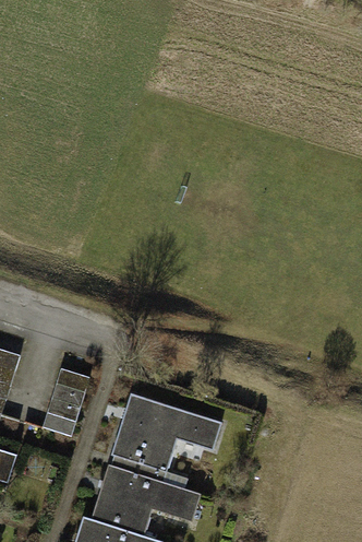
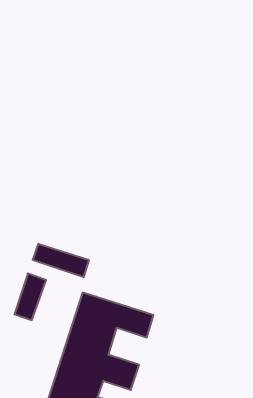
building: none -> [33,244,89,277]

